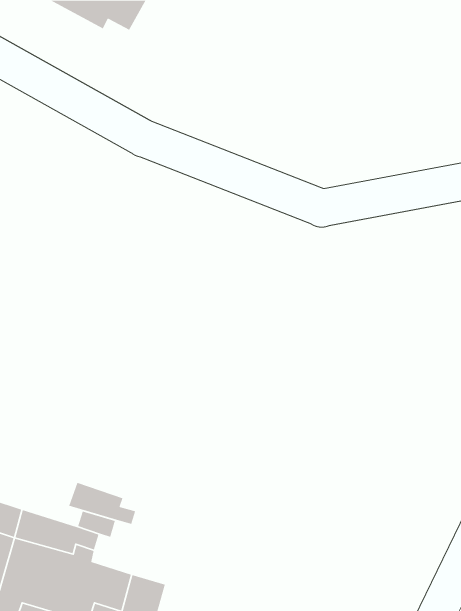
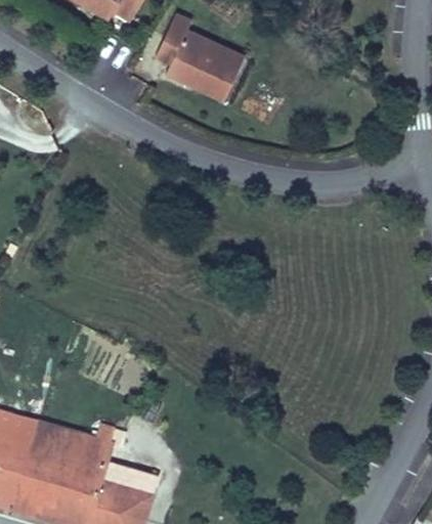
building: none -> [155,21,244,108]
building: [68,482,136,525] -> none

